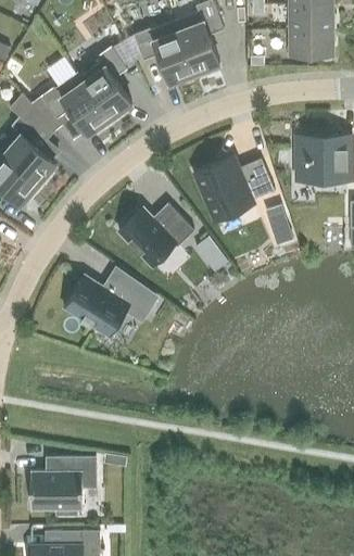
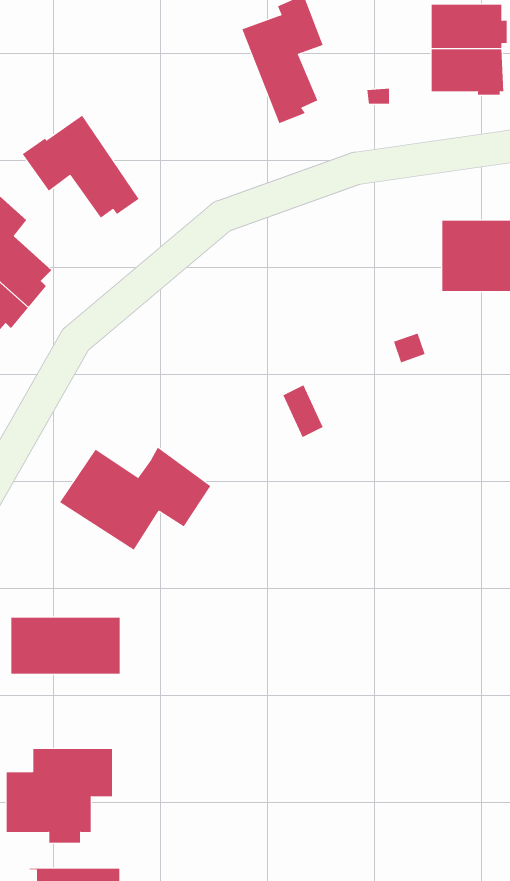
building: [132,20,195,84] -> none
building: [76,47,130,123] -> none
building: [193,155,274,219] -> none
building: [117,203,193,266] -> none
building: none -> [11,617,120,674]

